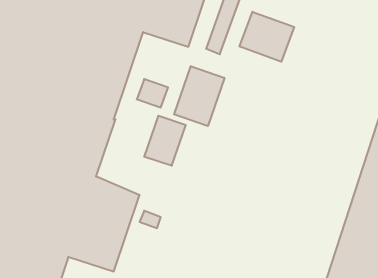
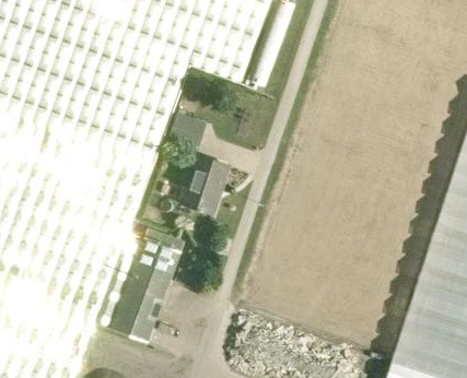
building: [240,12,294,62] -> none
building: [174,66,224,126] -> none

